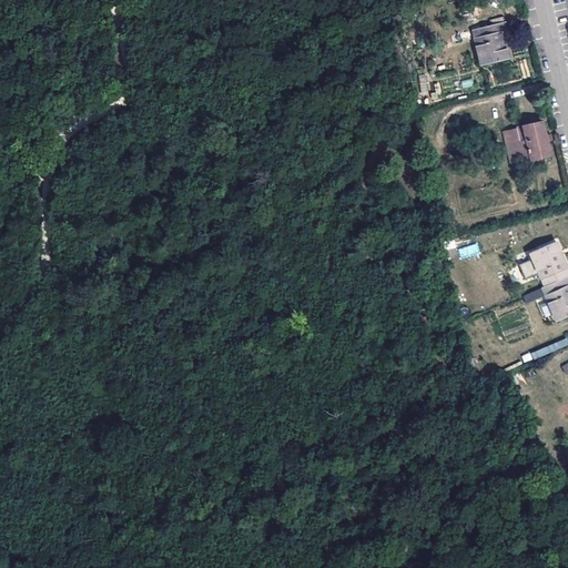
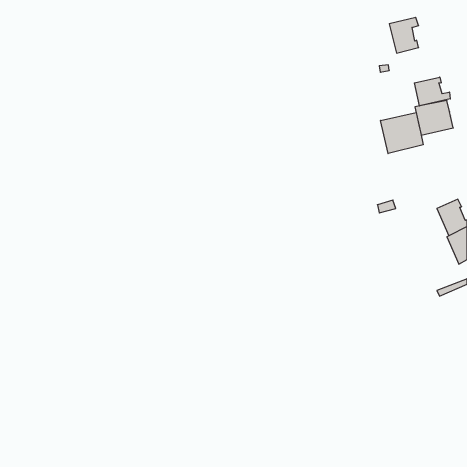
building: none -> [414,77,450,106]
building: none -> [381,113,423,154]

